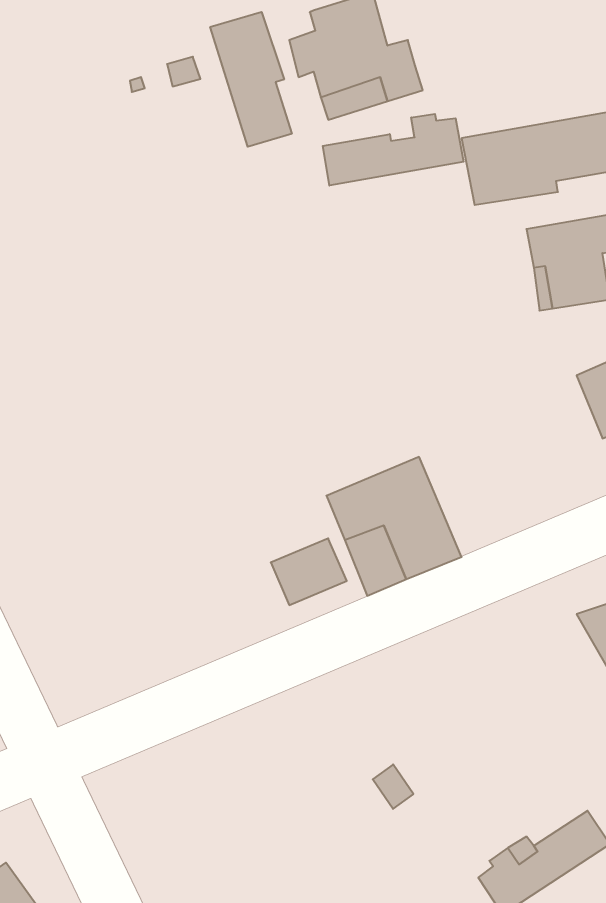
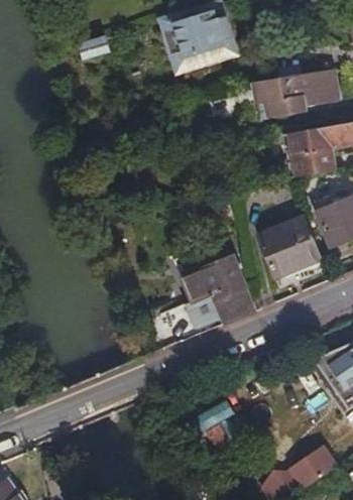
building: [210,12,292,147] -> none
building: [323,114,464,186] -> none
building: none -> [258,215,323,277]

